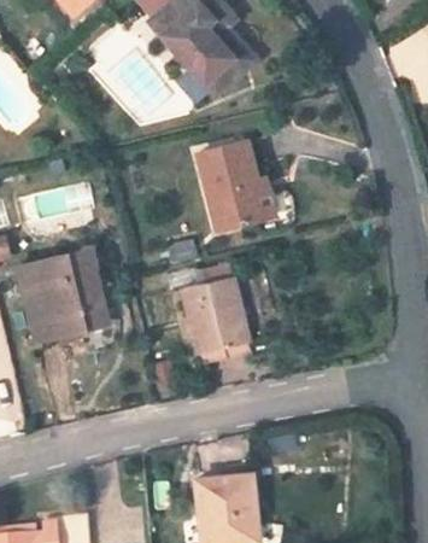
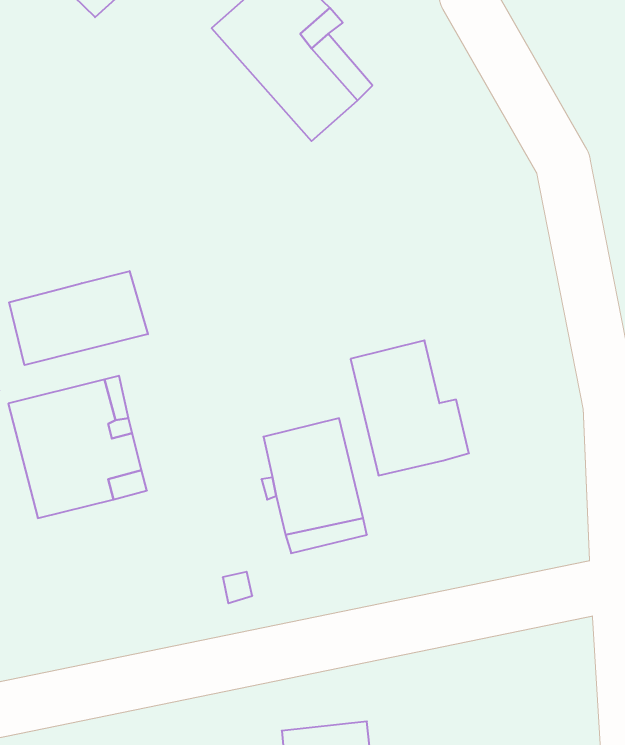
building: [198,141,275,229] -> [351,340,469,475]
building: none -> [9,271,148,365]

